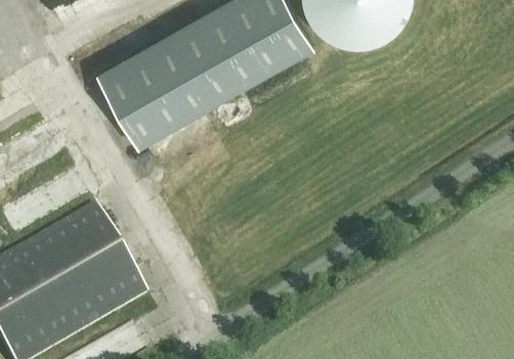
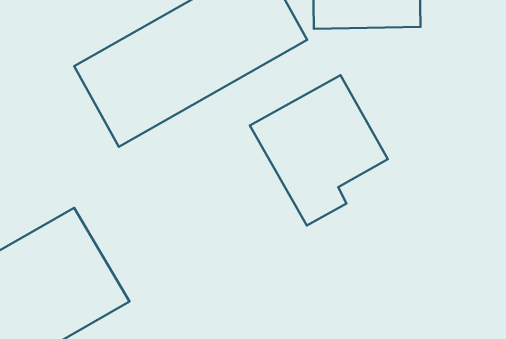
building: none -> [250,75,388,226]

